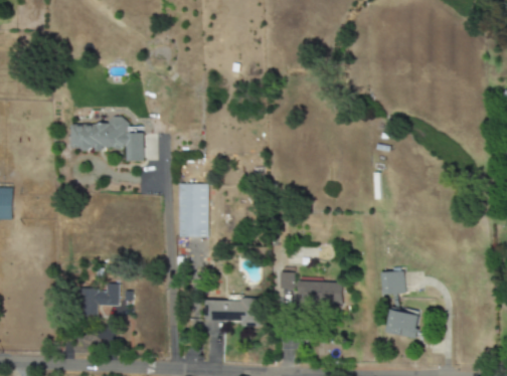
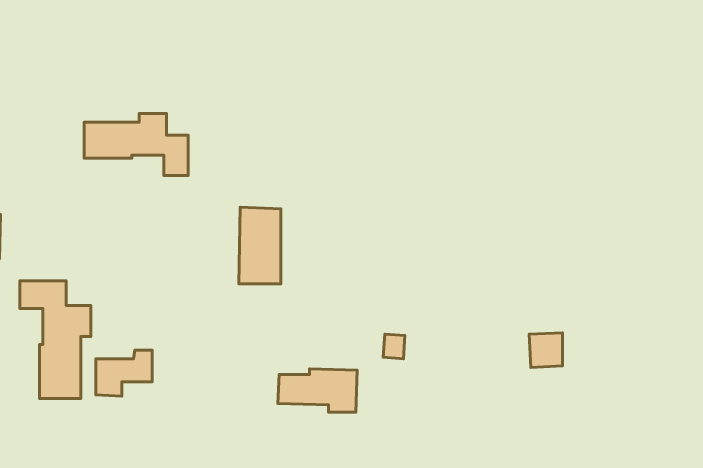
building: none -> [20,281,91,398]
building: [298,280,343,306] -> none
building: [387,308,421,339] -> none

